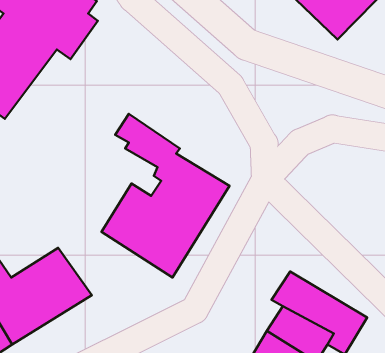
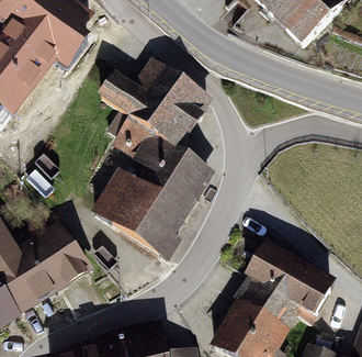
building: none -> [101,64,206,147]

